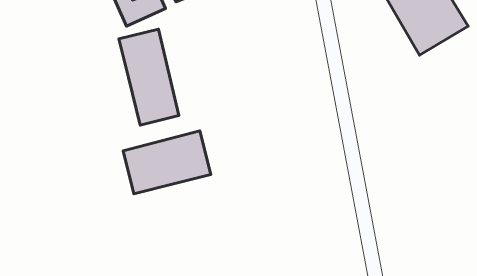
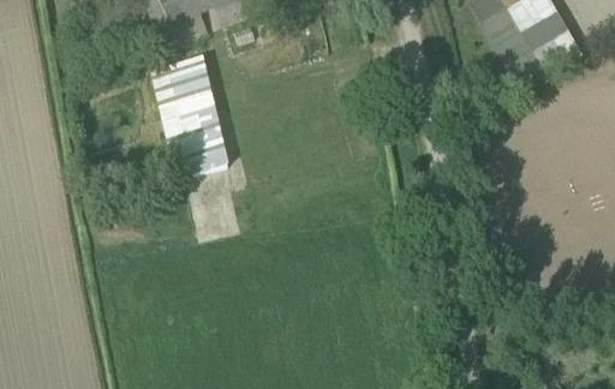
building: [123,131,211,194] -> none

